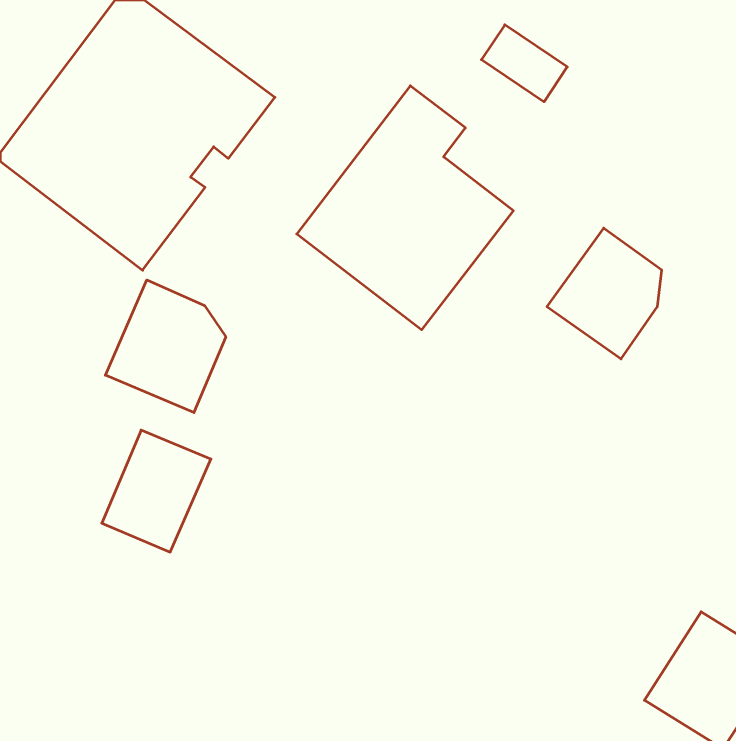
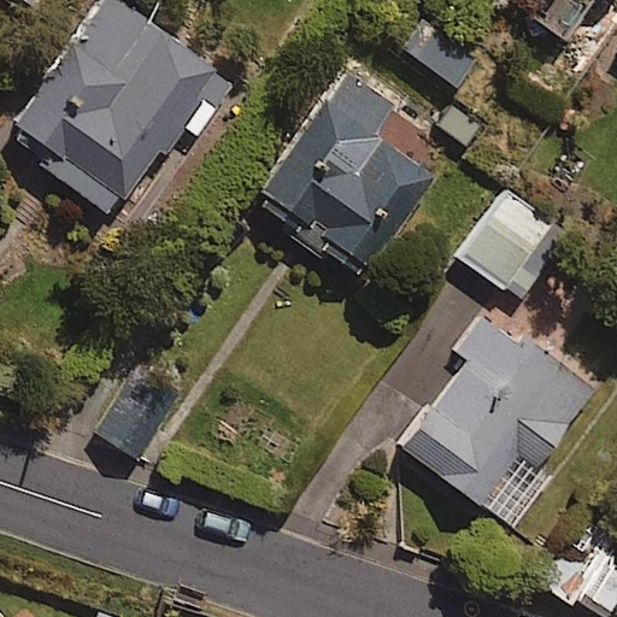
building: [105,280,226,413] -> none
building: none -> [402,317,590,524]

